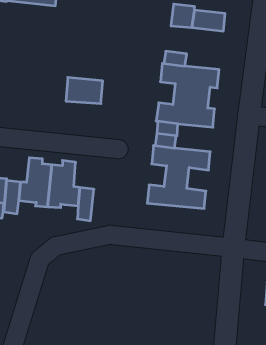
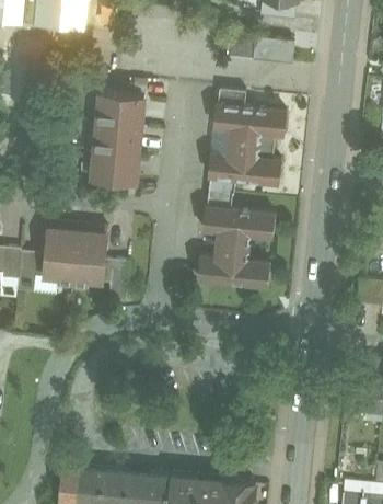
building: none -> [97,92,144,125]
building: none -> [92,150,139,183]

